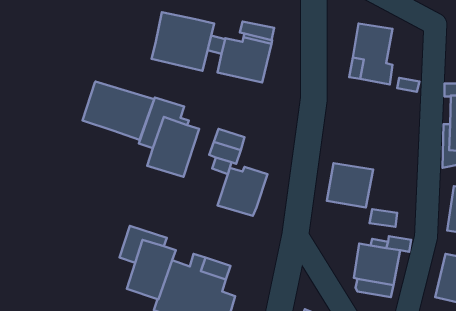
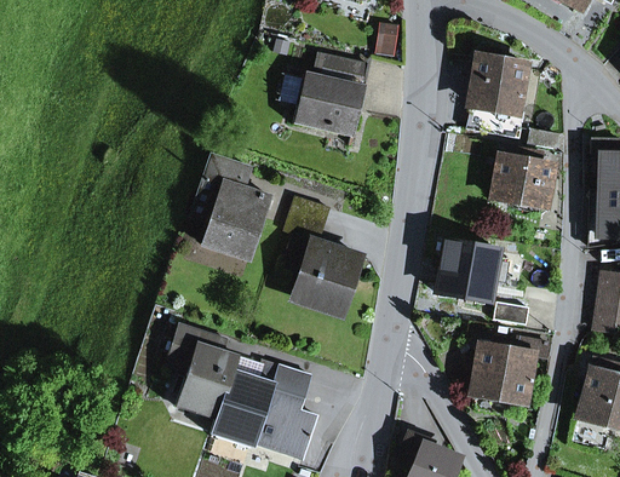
building: [152,12,214,71] -> none
building: [82,82,154,140] -> none
building: none -> [493,150,551,207]

